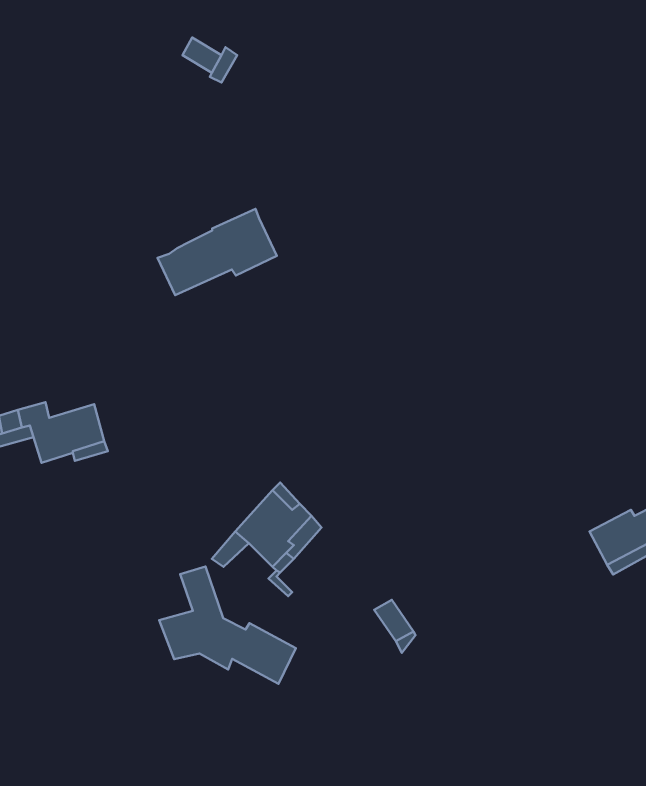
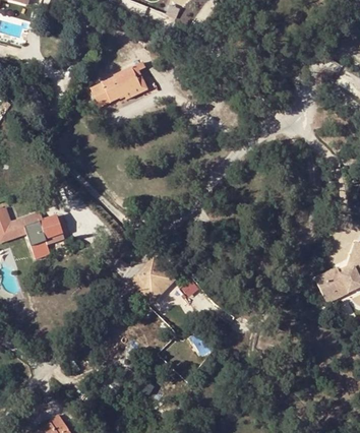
building: [157,209,277,295] -> [85,64,147,109]
building: [159,566,296,684] -> none

